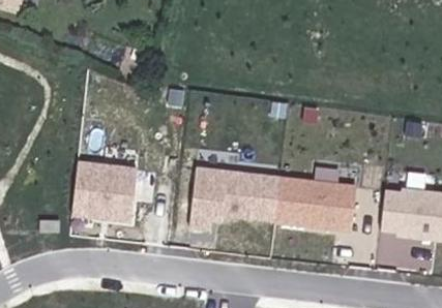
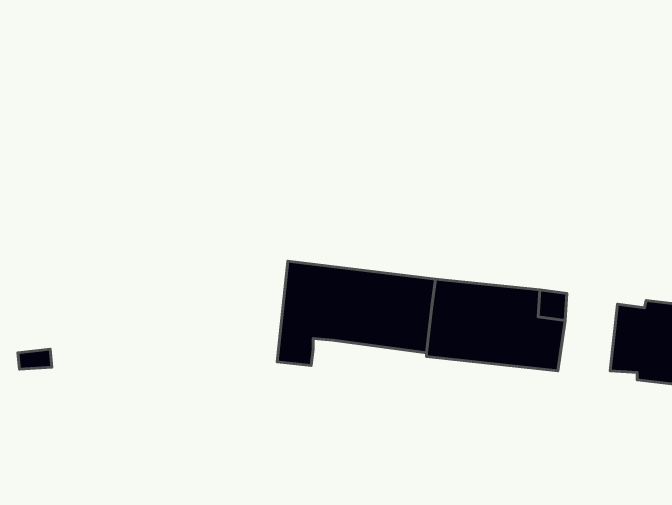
building: [71,161,137,220] -> none

